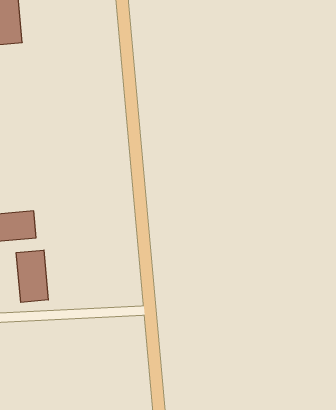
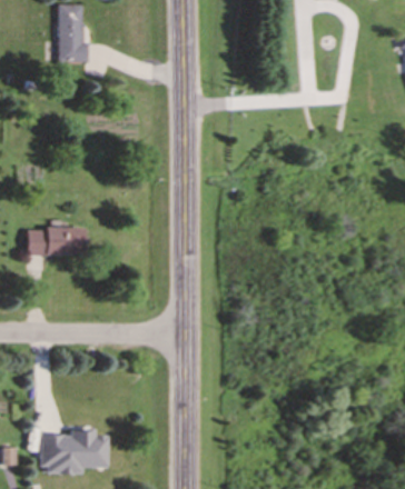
building: [16,250,48,302] -> none

